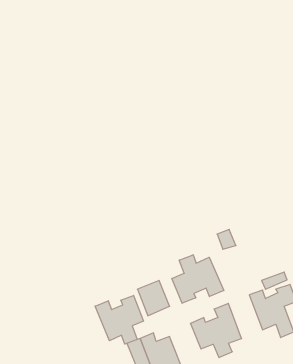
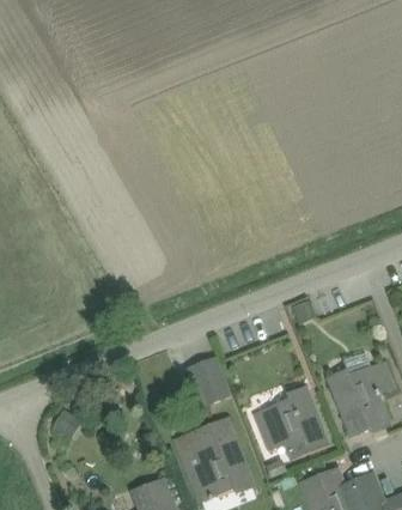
building: [172,255,224,303] -> none
building: [95,295,144,344] -> none

